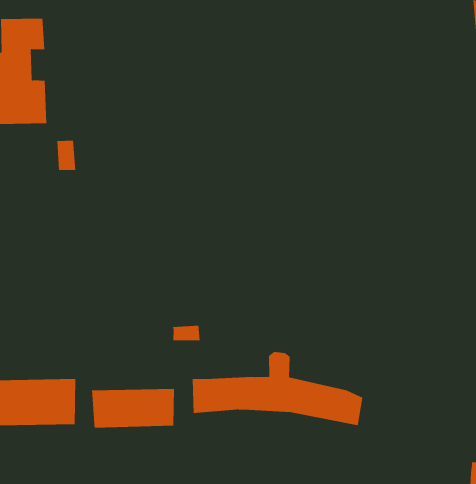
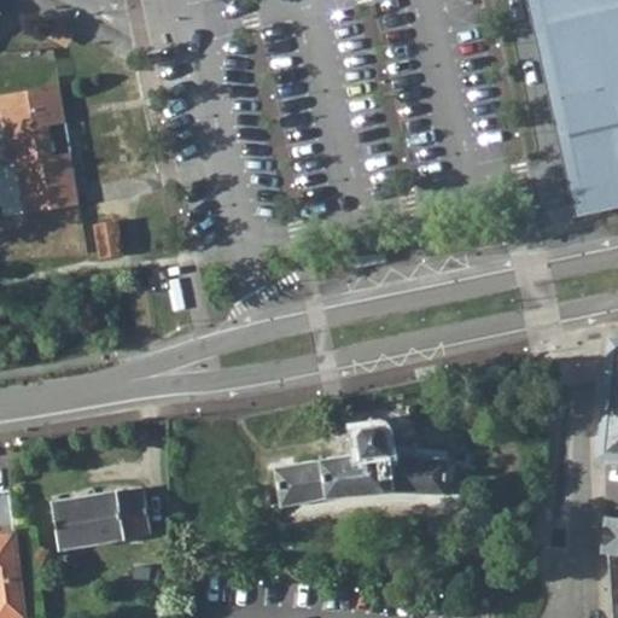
building: [91,388,174,428] -> none

